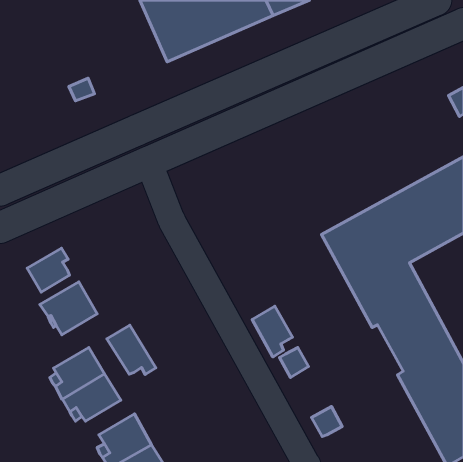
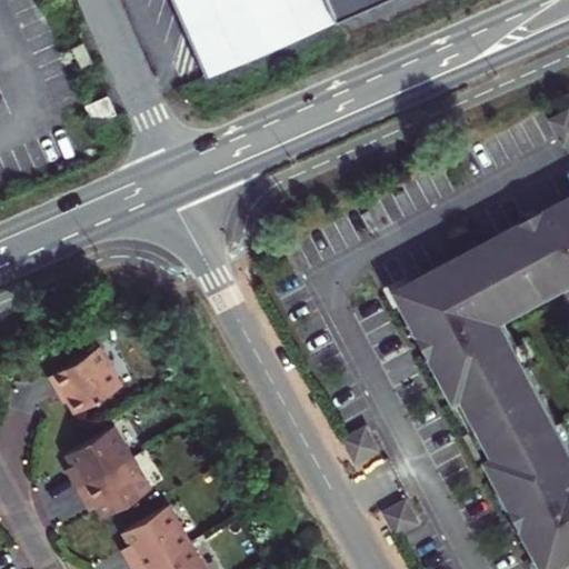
building: [27,248,70,292] -> none
building: [252,306,293,357] -> none
building: [107,325,156,375] -> none

